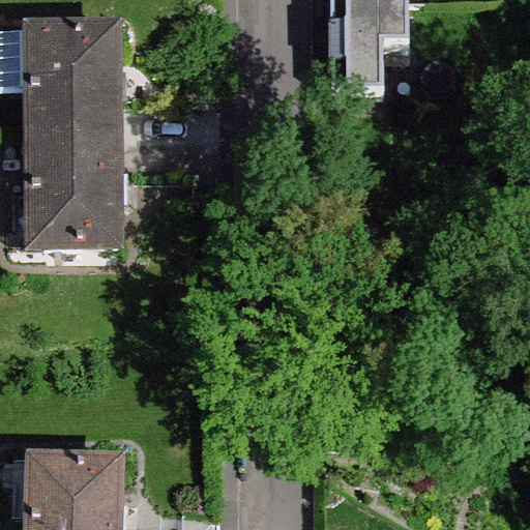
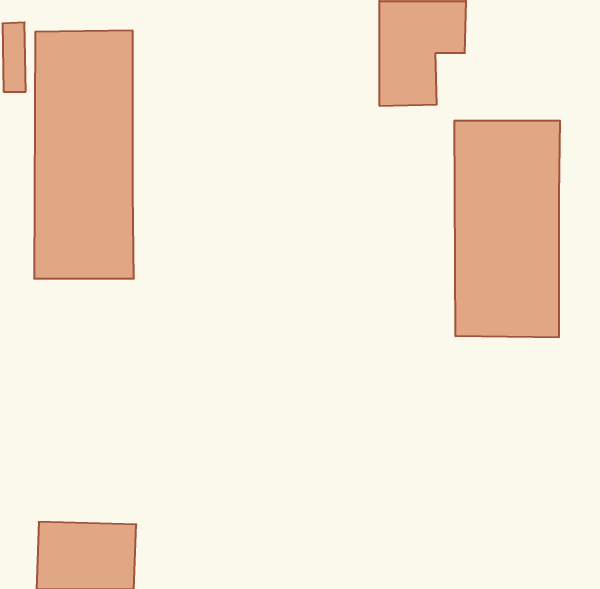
building: none -> [454,121,560,337]

